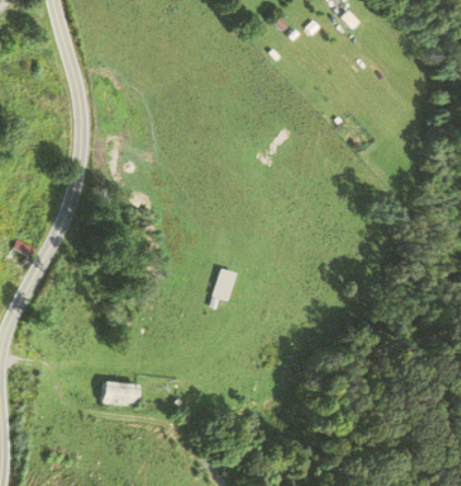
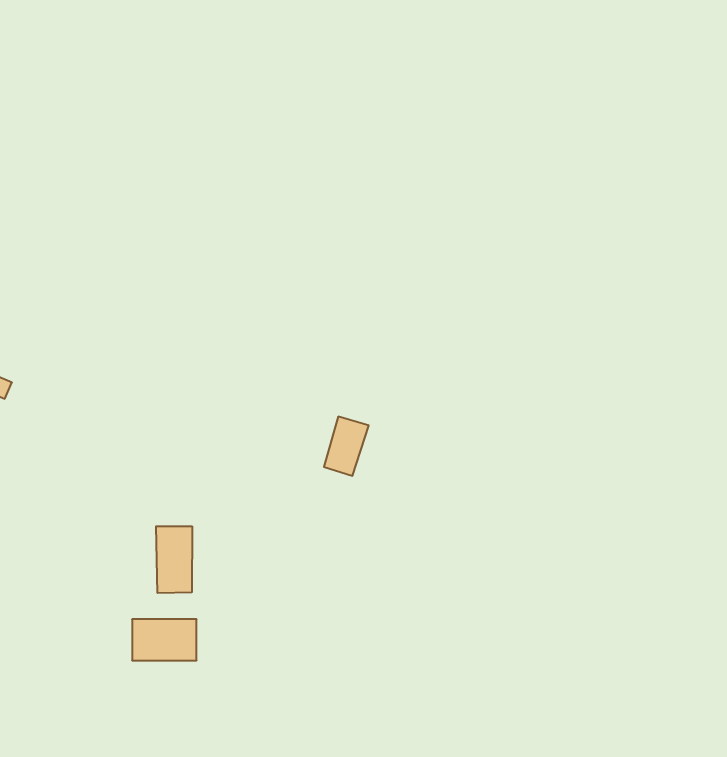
building: none -> [156,526,192,593]

